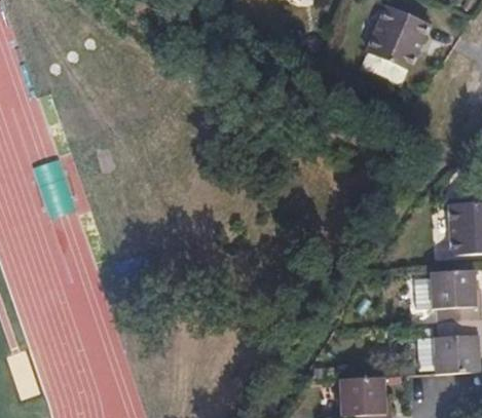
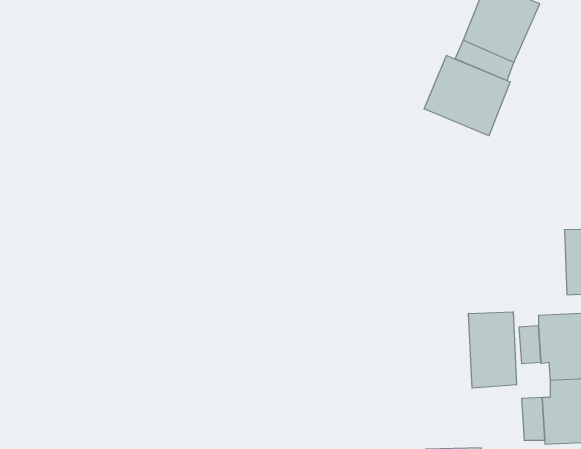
building: none -> [424,55,510,136]
building: none -> [469,312,516,388]

